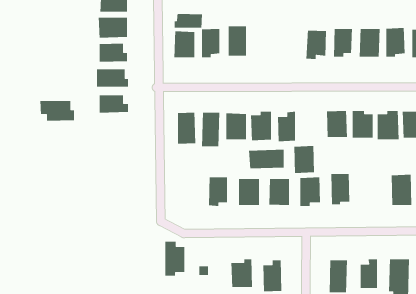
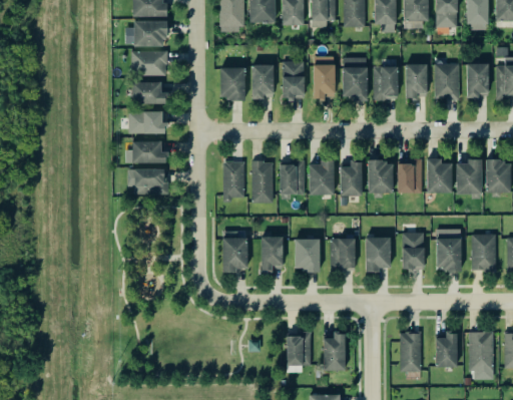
building: [174,13,203,28] -> none
building: none -> [313,56,336,99]
building: none -> [342,57,368,99]
building: [39,100,75,122] -> [127,169,168,194]
building: [293,145,315,174] -> [368,160,393,193]
building: [248,149,285,169] -> none
building: none -> [436,229,462,271]
building: [165,241,185,276] -> [223,232,247,273]

